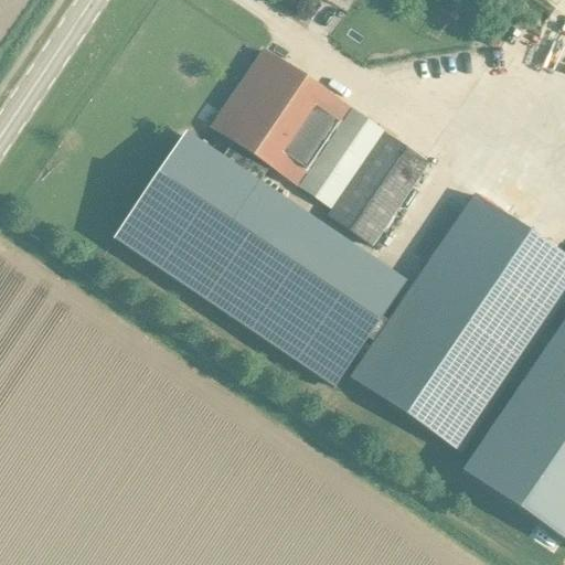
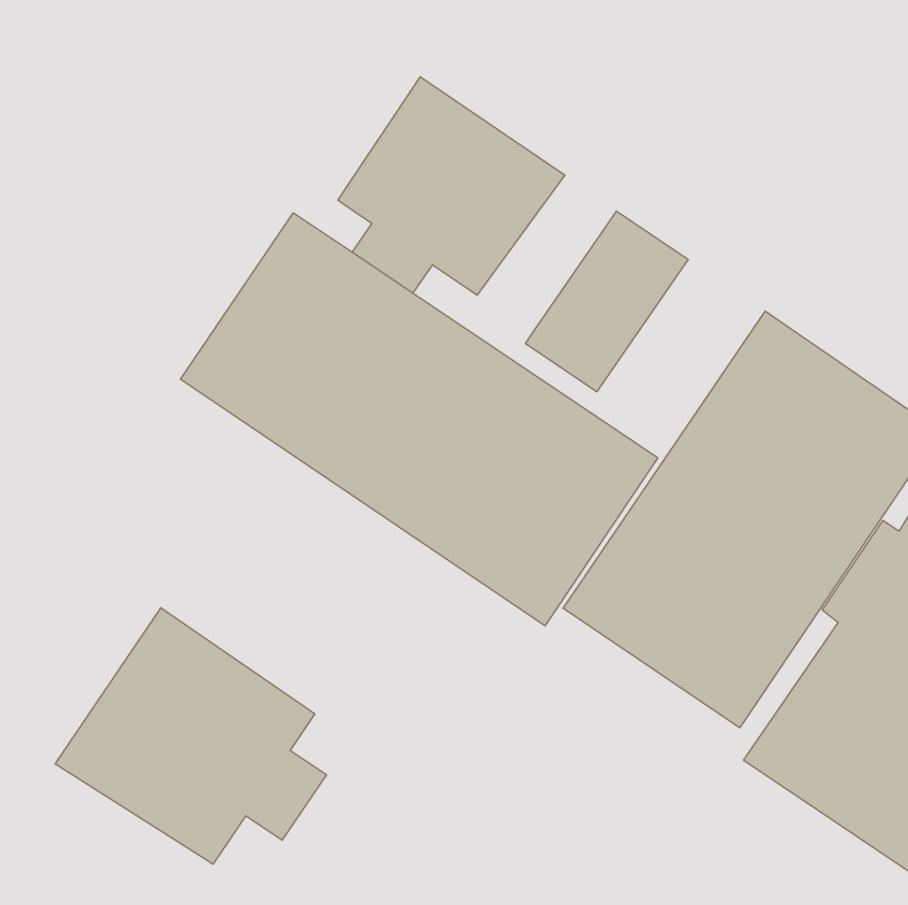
building: [298,108,384,205] -> none
building: none -> [55,608,326,864]

